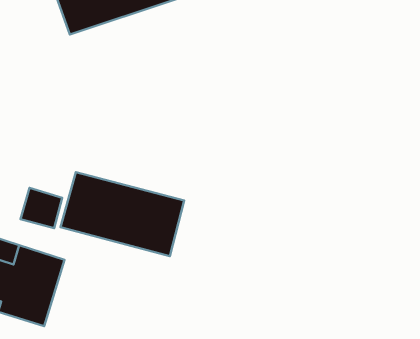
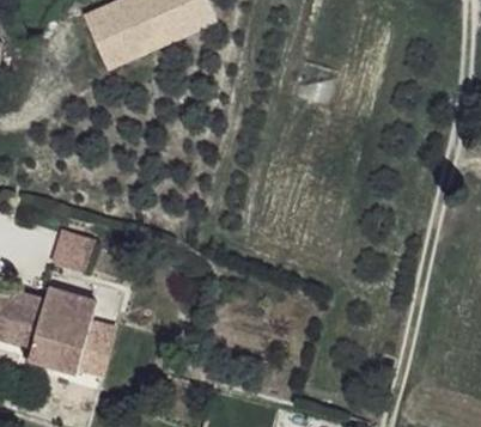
building: [60,172,184,256] -> none

